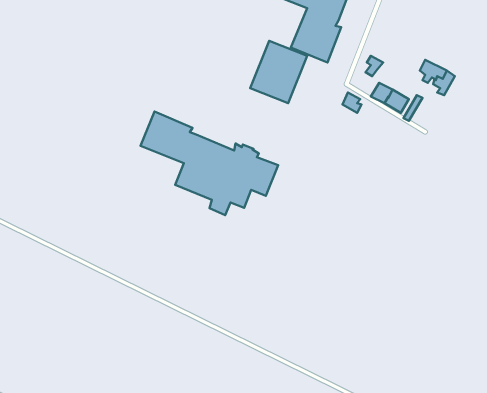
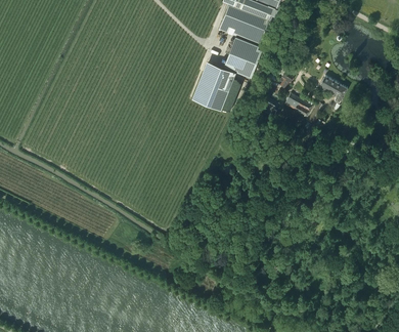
building: [141,112,278,215] -> none

